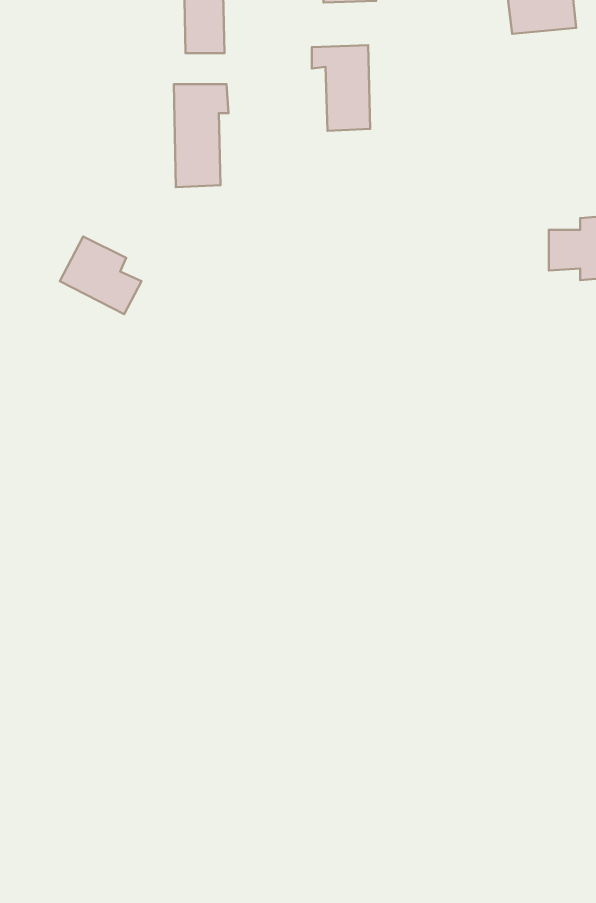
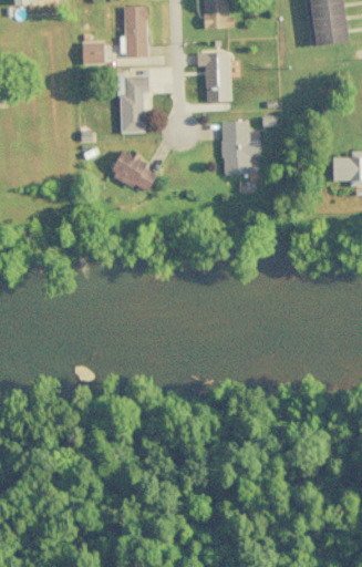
building: none -> [82,41,104,63]
building: none -> [221,120,250,174]
building: [60,236,142,314] -> [110,147,156,192]

